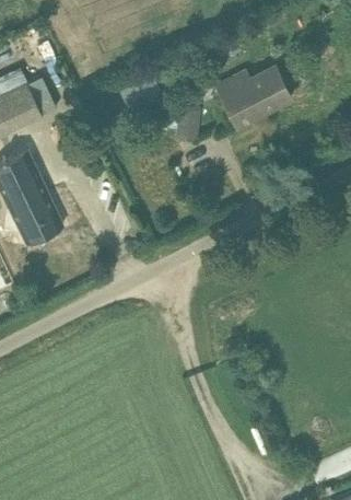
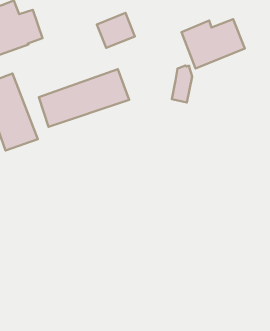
building: [177,98,198,141] -> [172,65,192,103]
building: none -> [39,69,129,127]

